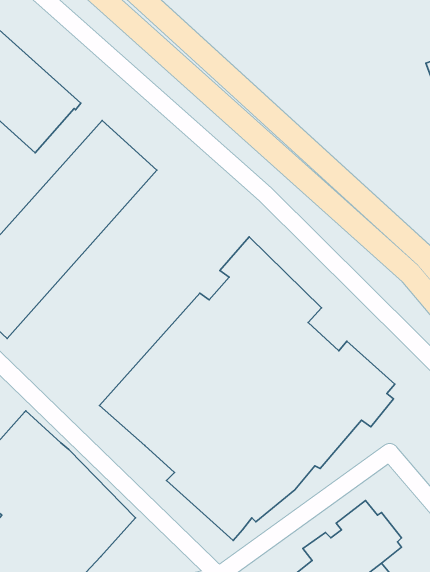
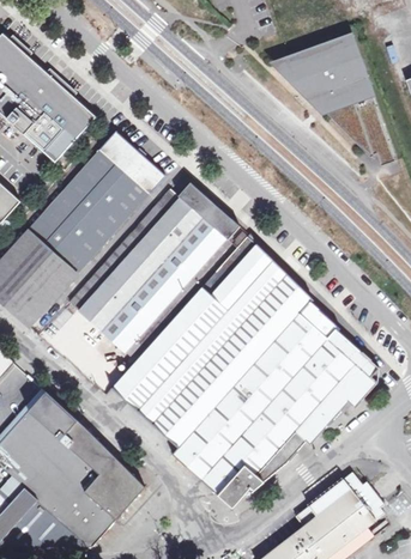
building: none -> [273,35,391,164]
building: none -> [71,182,240,357]

